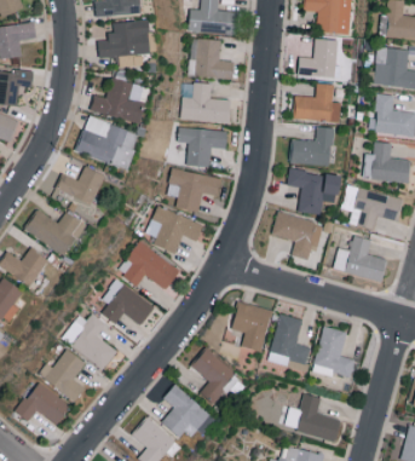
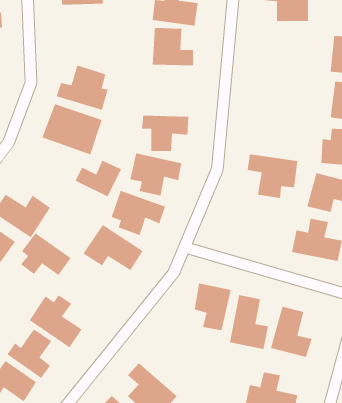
building: [98,19,149,65] -> none
building: [298,39,336,76] -> none
building: [180,82,230,122] -> none
building: [294,82,341,121] -> none
building: [290,126,333,166] -> none
building: [56,166,104,204] -> [75,160,122,197]
building: [271,211,324,259] -> none
building: [102,280,155,324] -> [20,233,72,276]
building: [191,348,247,405] -> none

